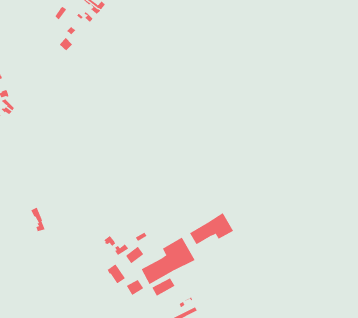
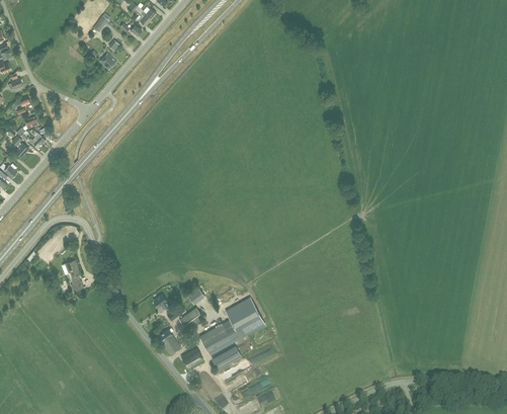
building: [189,212,234,245] -> none

